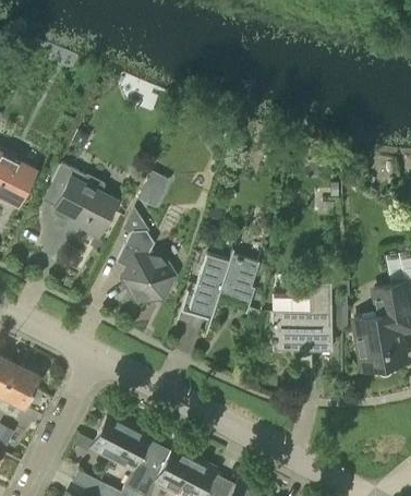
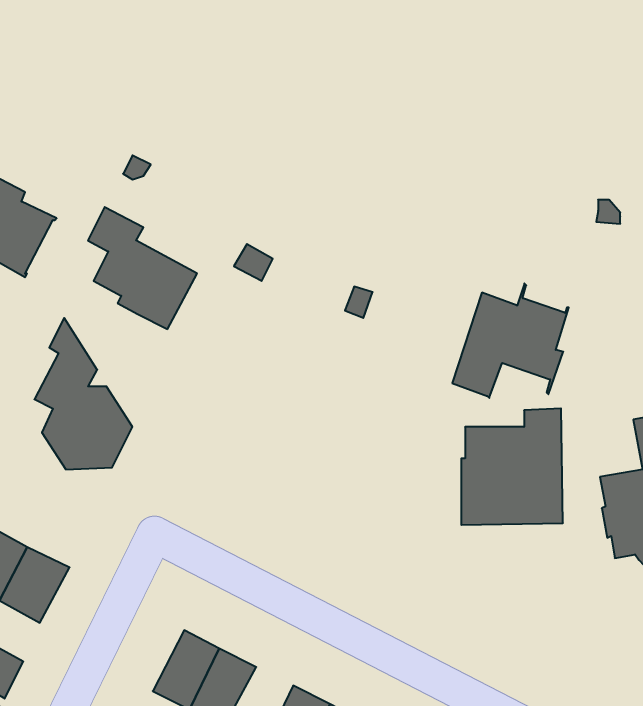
building: [118,213,176,302] -> [34,318,132,469]
building: [190,250,258,317] -> [452,283,569,398]

